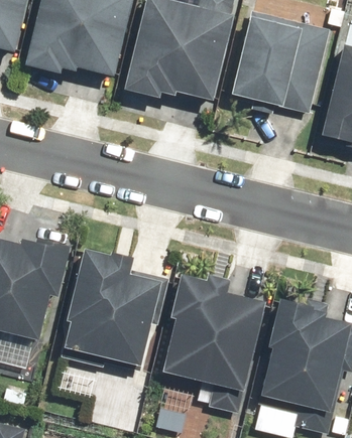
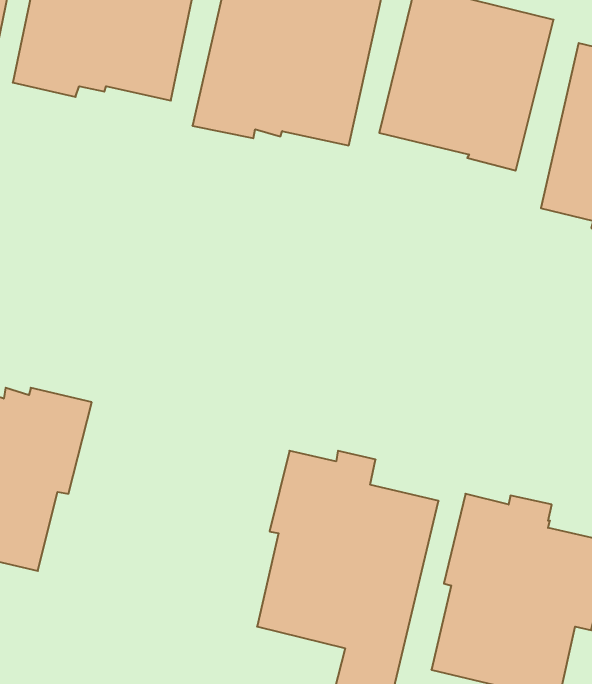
building: [65,247,168,366] -> none

